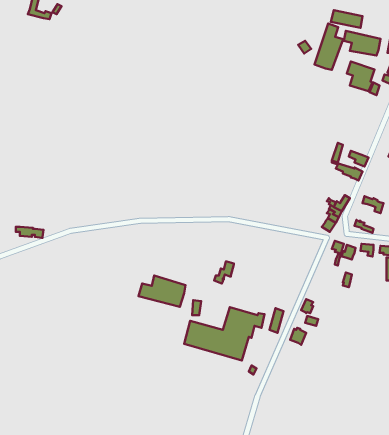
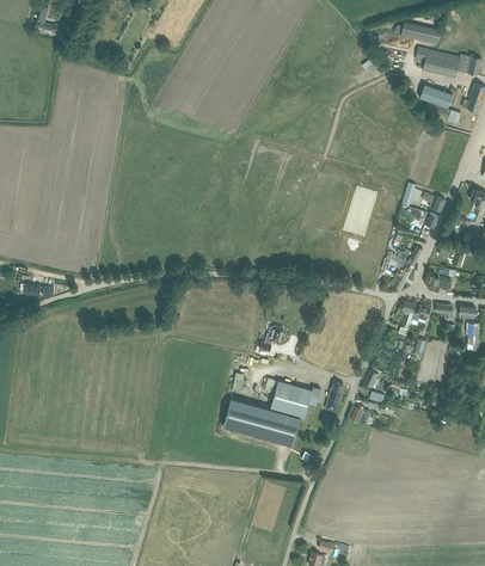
building: [315,24,343,70] -> none
building: [139,276,185,307] -> none

